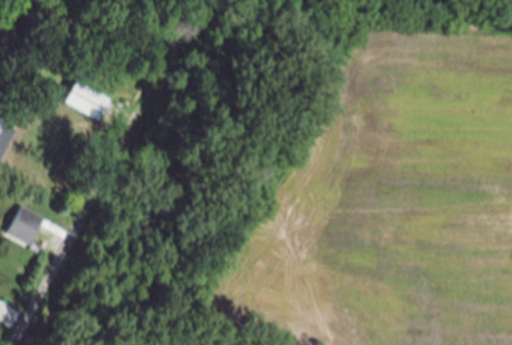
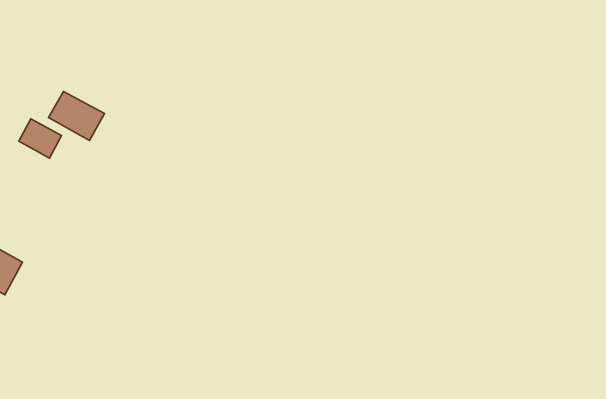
building: none -> [19,119,62,158]

